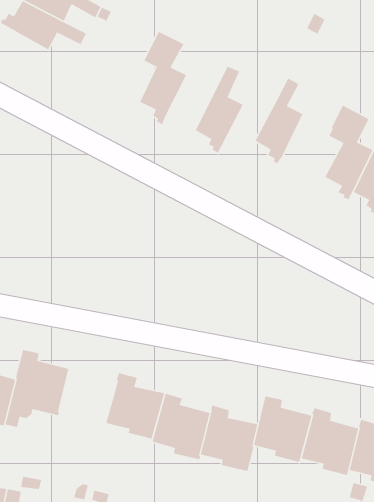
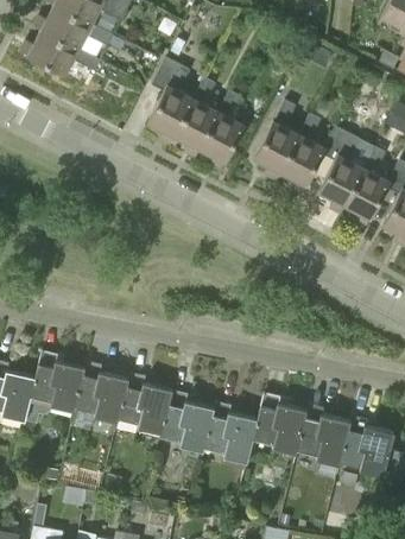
building: none -> [173,78,219,159]
building: none -> [280,114,325,195]
building: none -> [75,362,128,424]

